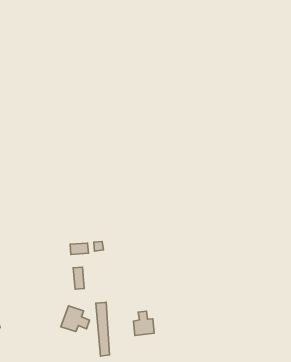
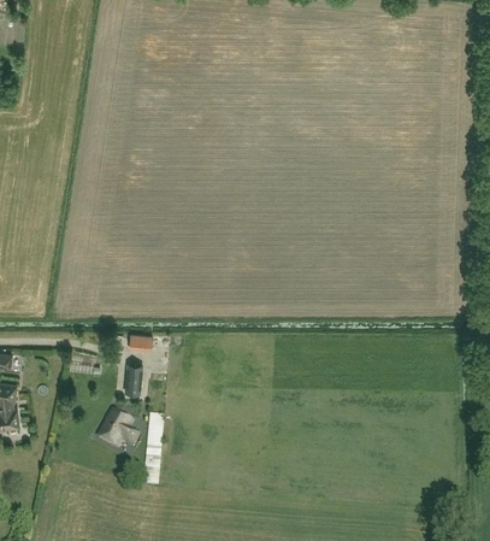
building: [134,311,154,335] -> none

